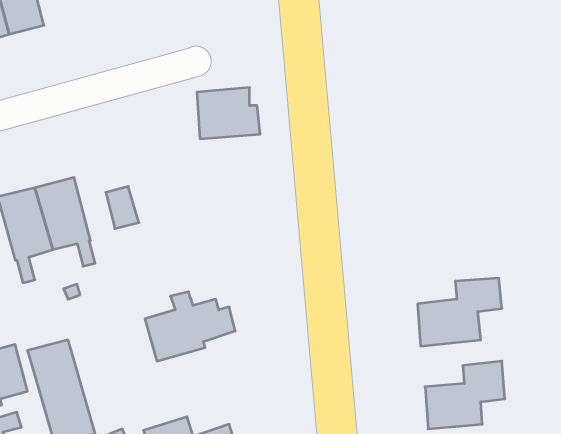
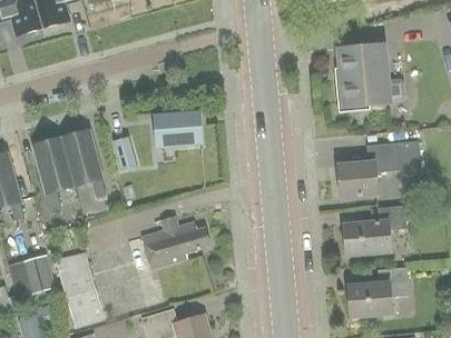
building: none -> [339,46,403,108]
building: [197,88,260,139] -> [155,110,202,148]
building: none -> [337,141,421,197]

